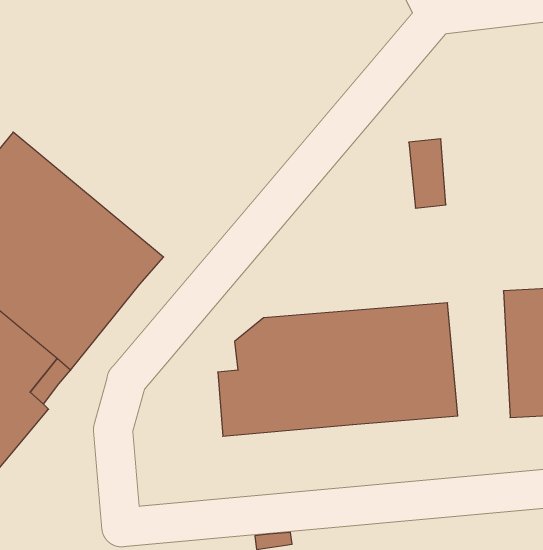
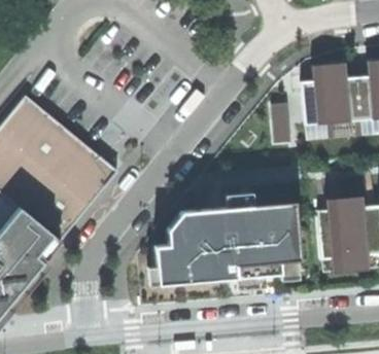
building: none -> [303,59,346,138]

